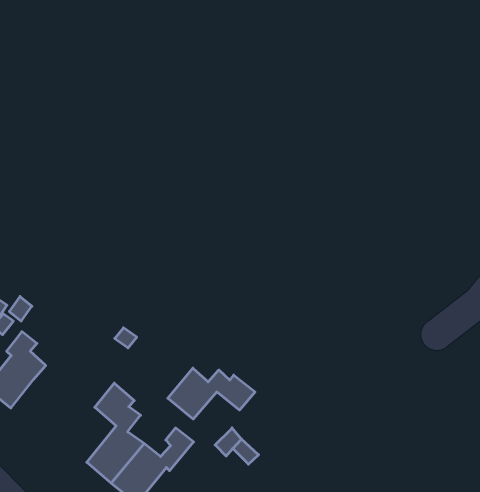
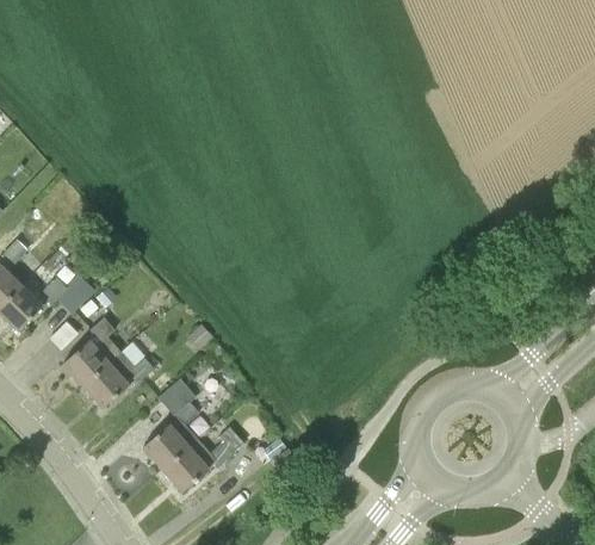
building: none -> [81,353,154,409]
building: [168,368,255,419] -> none

